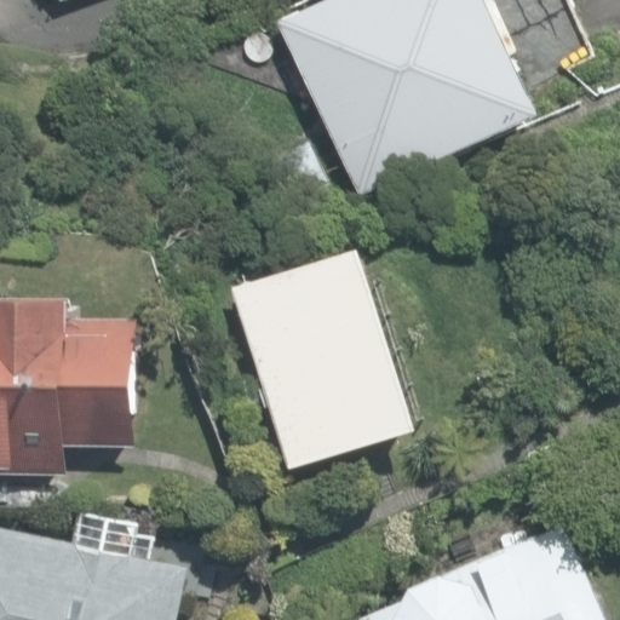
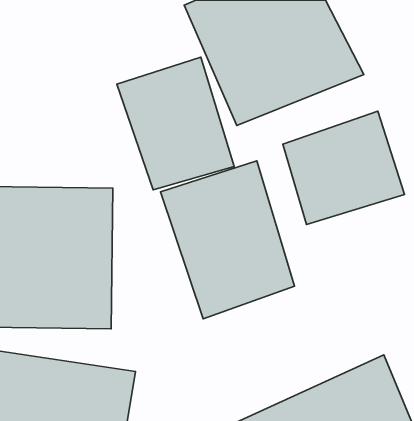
building: none -> [117,57,234,190]
building: none -> [283,111,405,225]

